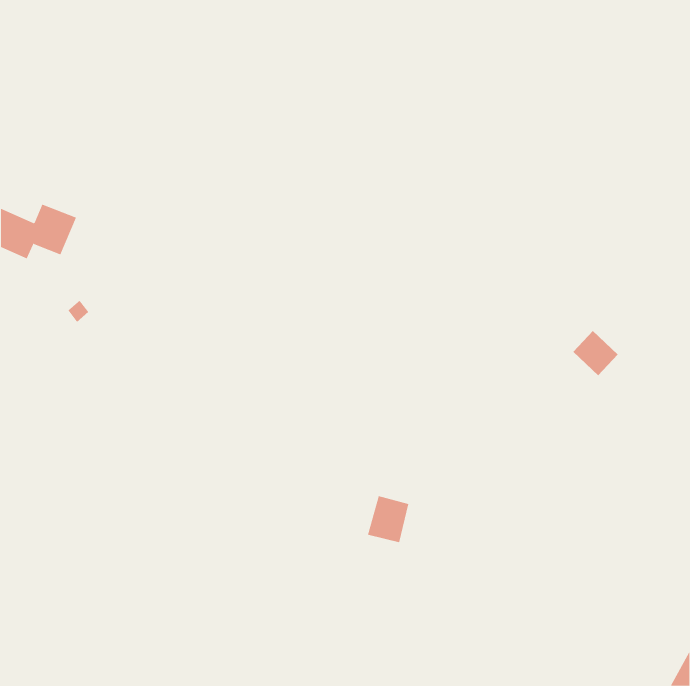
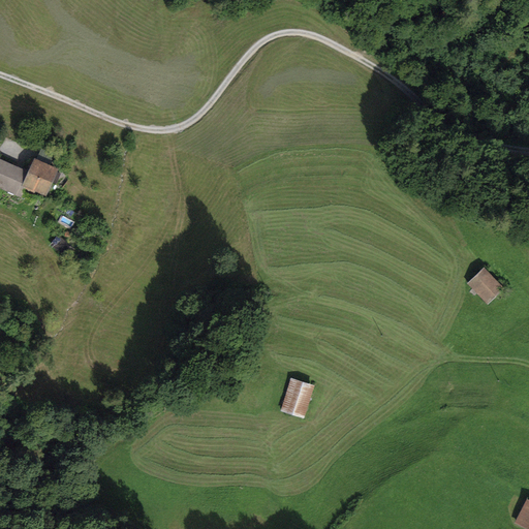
building: [573,330,618,376] -> [471,267,506,302]

